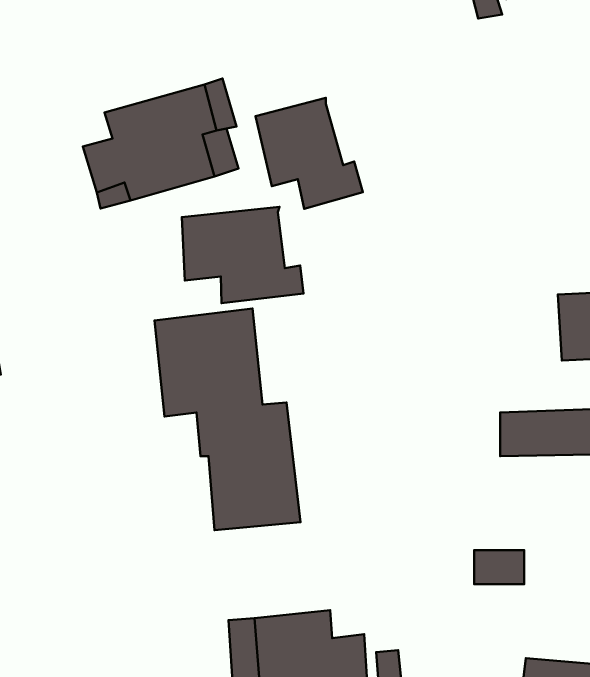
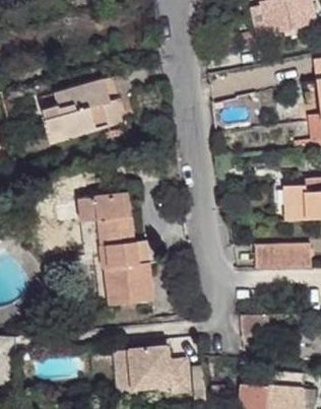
building: [256,98,363,209] -> none
building: [182,207,304,303] -> none

